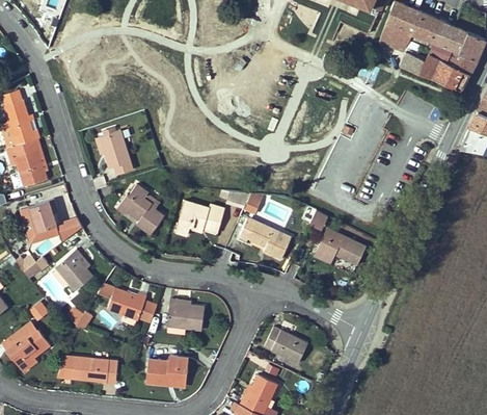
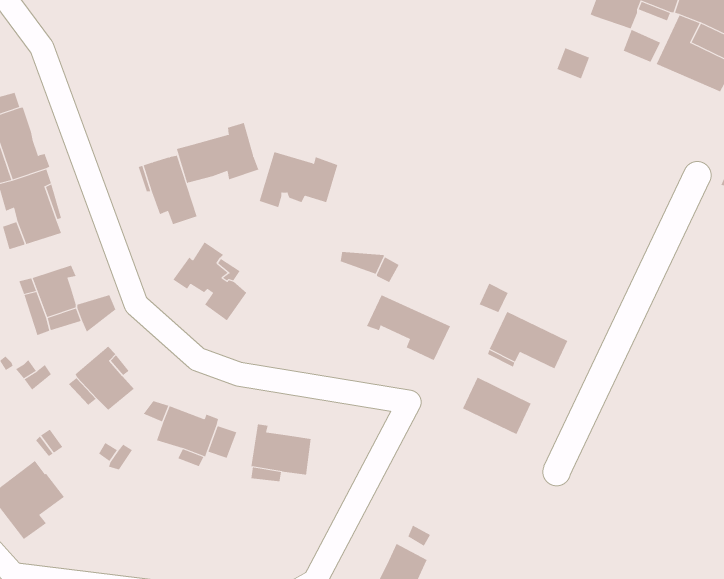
building: none -> [176,122,259,184]
building: [174,200,224,235] -> [259,152,338,208]
building: [264,327,307,363] -> [462,377,532,435]
building: [57,356,117,383] -> none
building: [145,356,187,384] -> none

